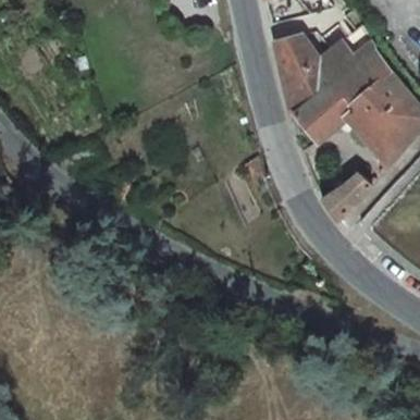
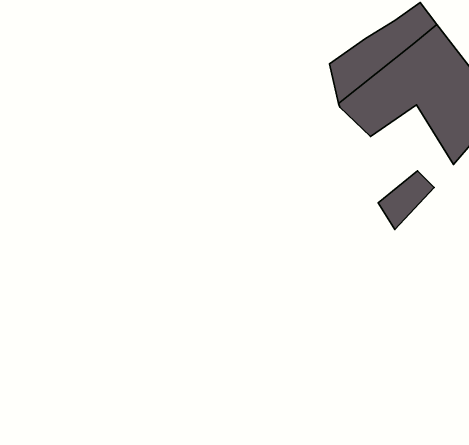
building: [274,30,312,79] -> none

